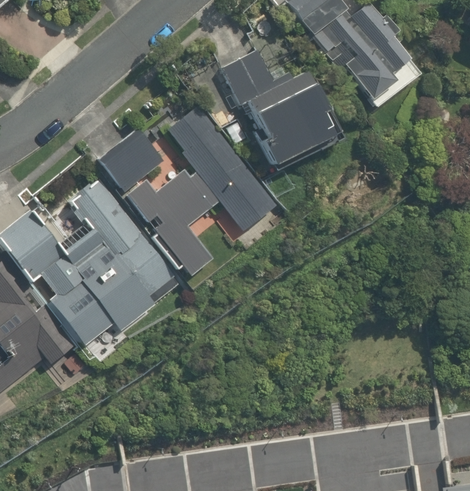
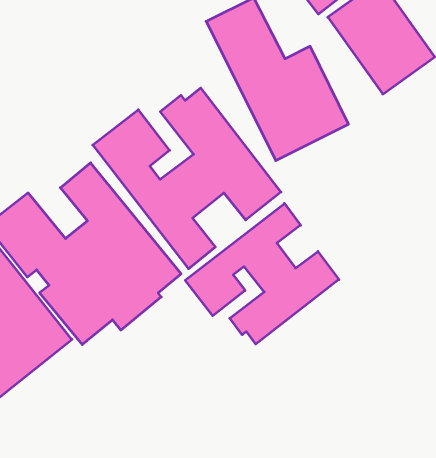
building: none -> [185,203,339,344]

